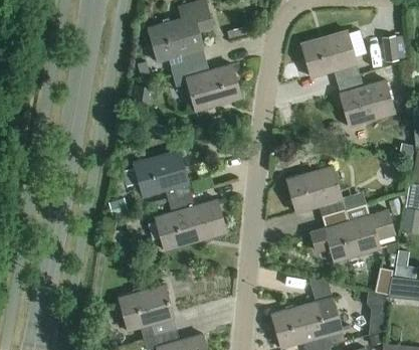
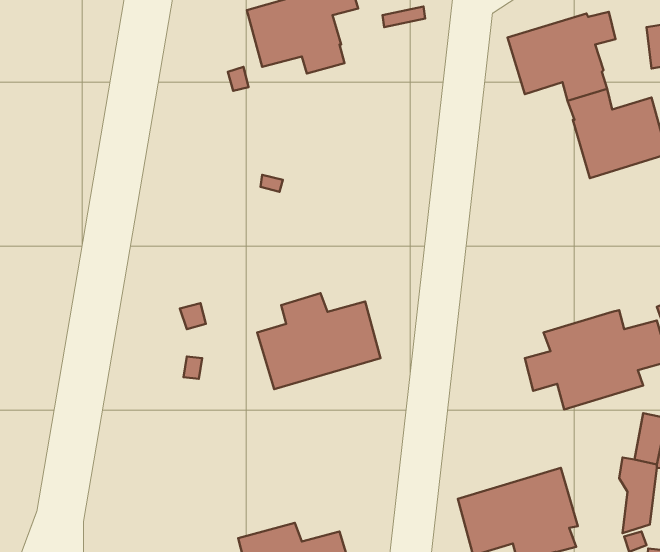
building: [171,59,241,111] -> none
building: [133,150,191,201] -> none
building: [286,166,354,217] -> none
building: [118,285,176,338] -> none

